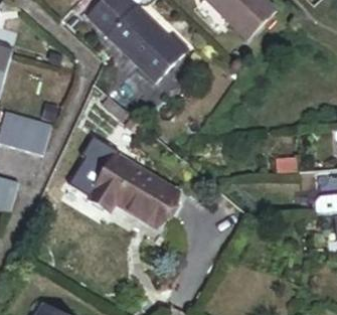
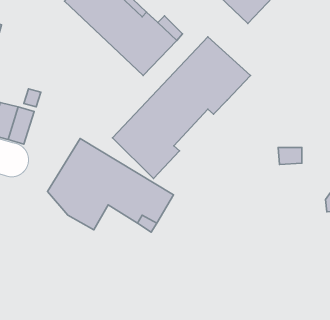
building: none -> [112,37,250,178]

